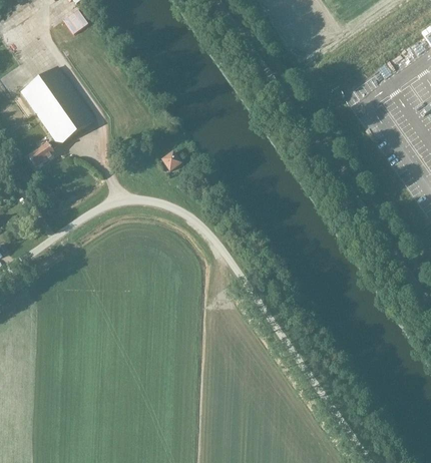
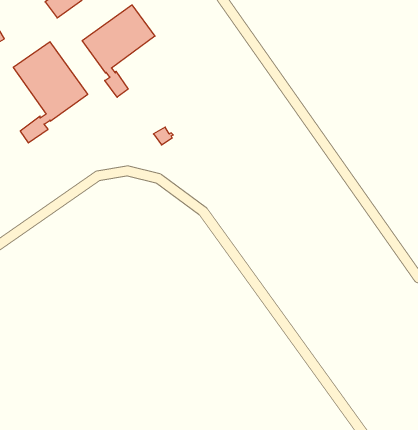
building: none -> [82,5,155,97]

